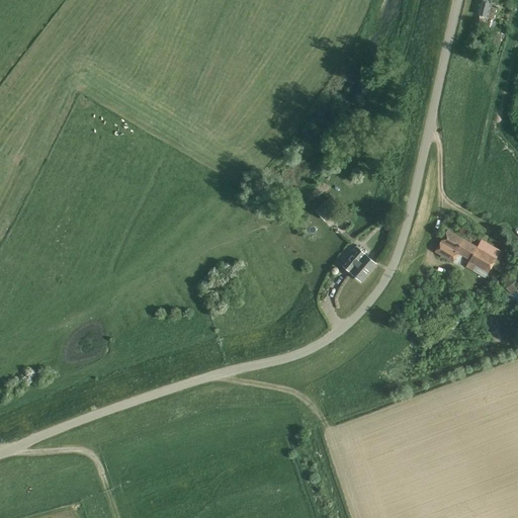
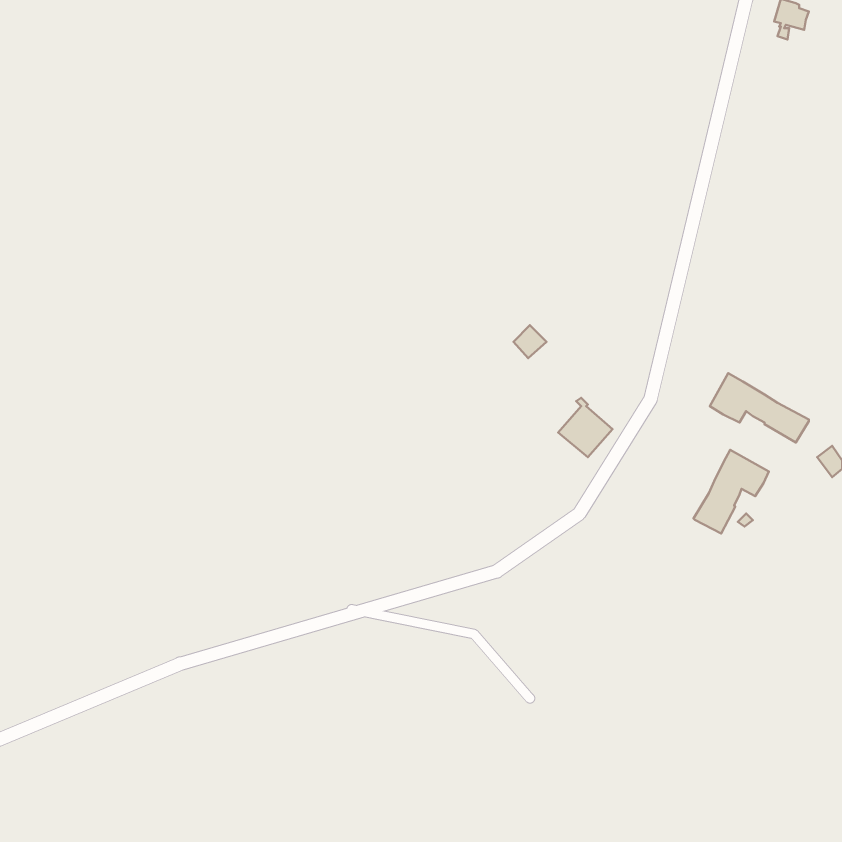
building: none -> [694,450,769,534]

